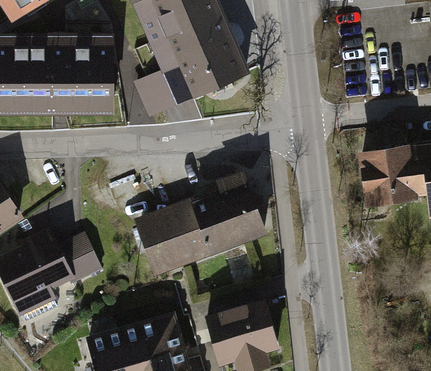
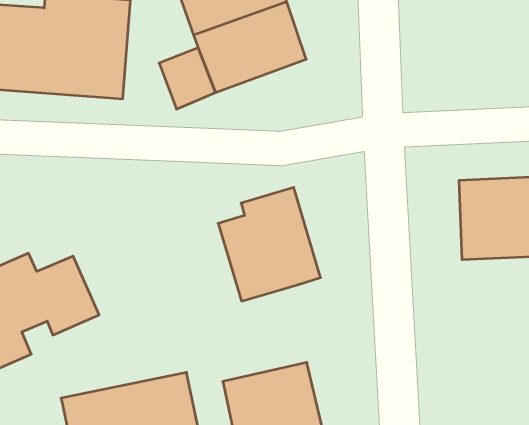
building: [129,197,210,275] -> none

